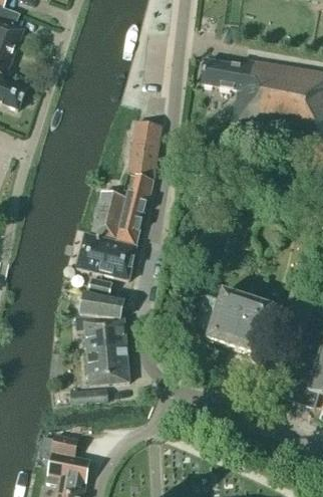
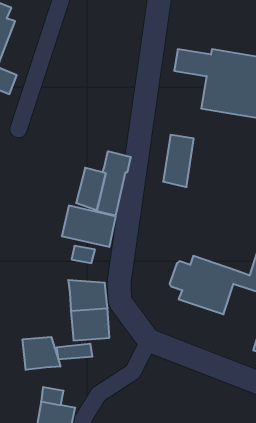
building: [128,120,163,179] -> [163,135,194,187]
building: [80,292,125,318] -> none
building: none -> [23,337,60,370]

